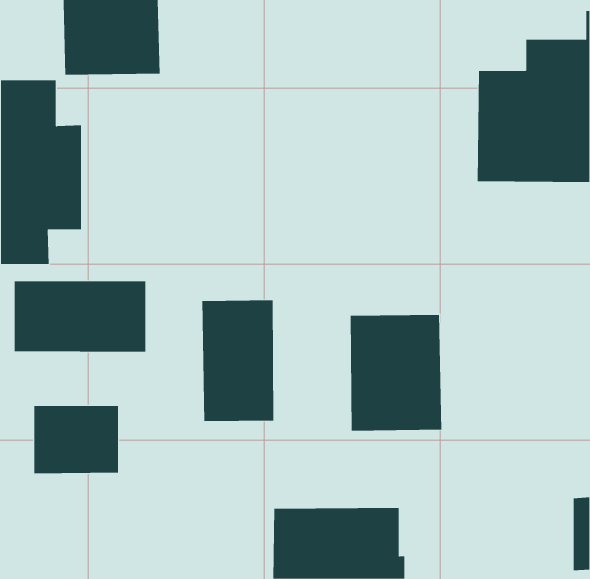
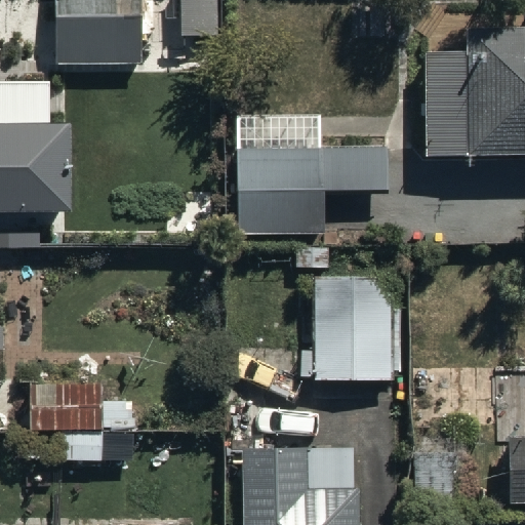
building: none -> [236,100,389,234]
building: [14,281,146,353] -> none
building: [202,300,274,422] -> none

